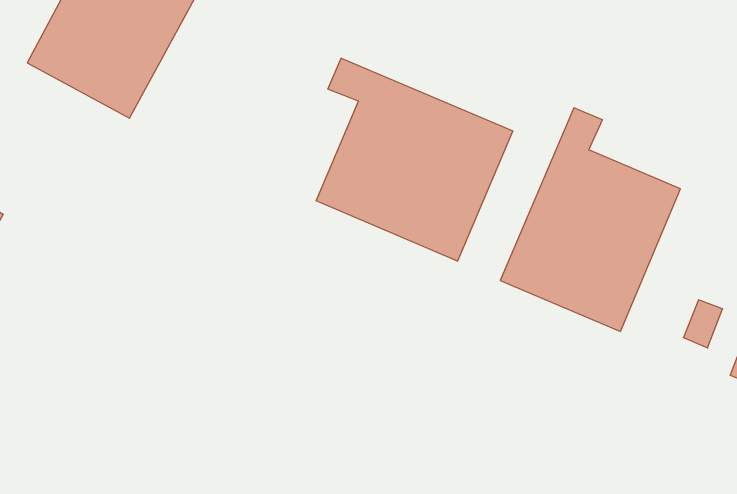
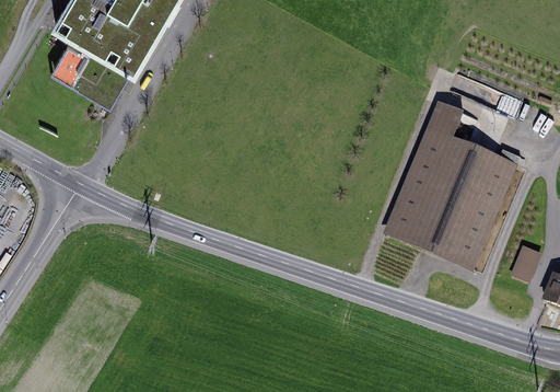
building: [316,58,513,261] -> none

